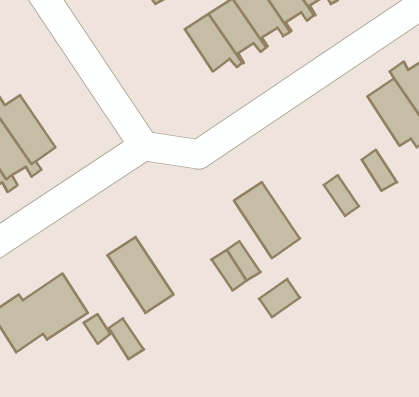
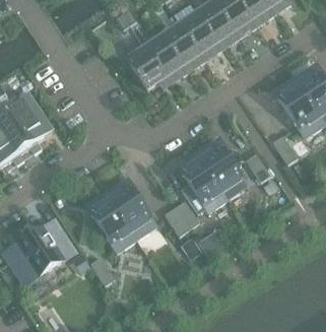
building: none -> [128,47,166,88]
building: none -> [201,143,245,198]
building: none -> [110,184,157,239]

